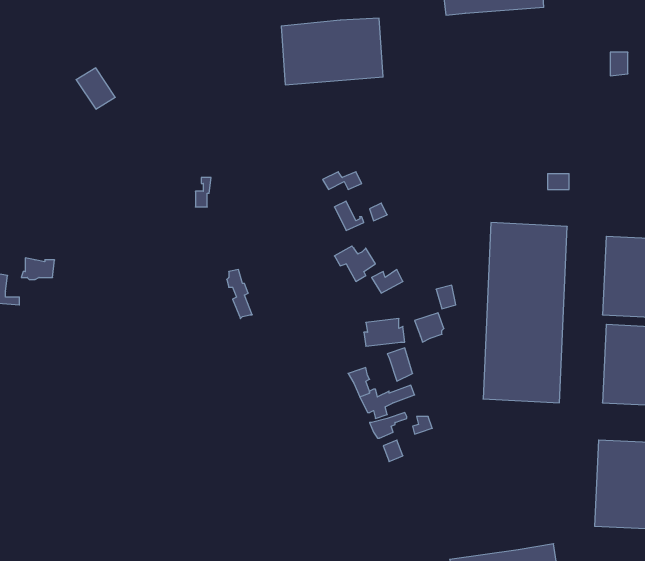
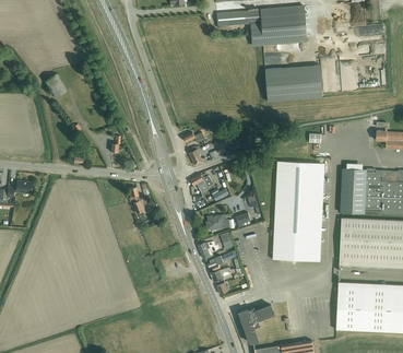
building: [281,18,383,85] -> [265,64,322,102]
building: none -> [239,305,274,343]

